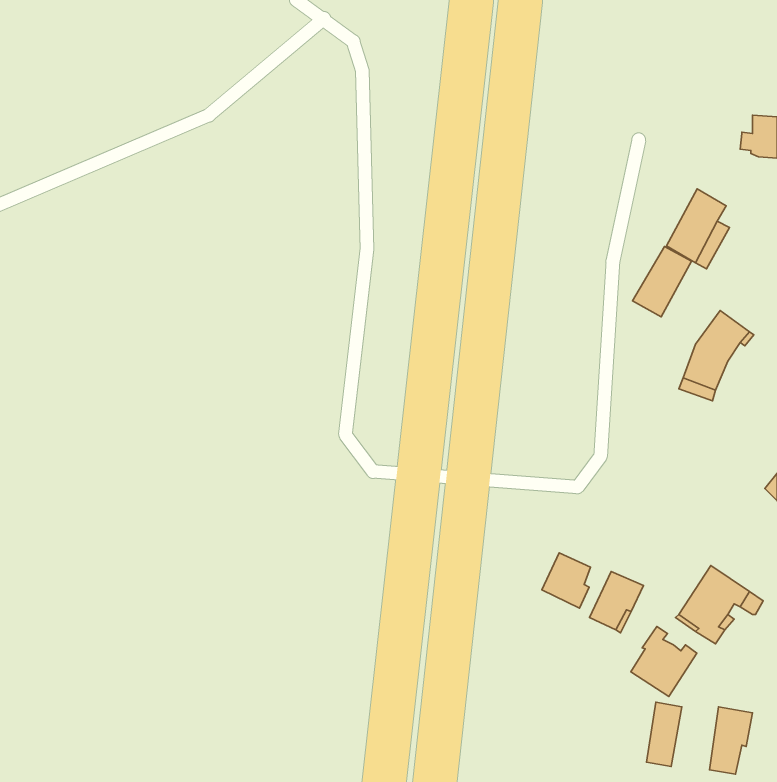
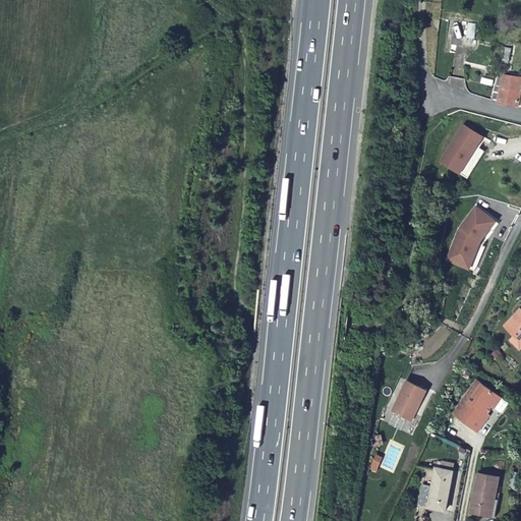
building: [632,247,692,317] -> none
building: [542,553,590,608] -> none
building: [631,626,697,697] -> none

